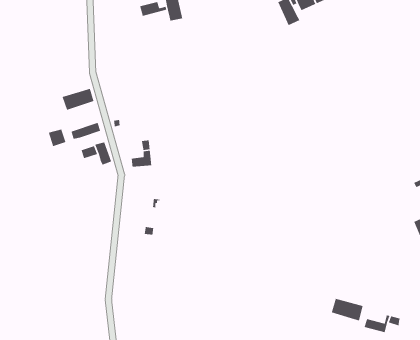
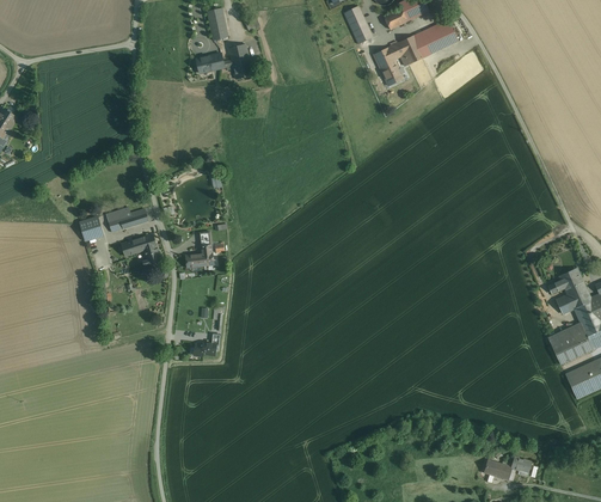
building: [62,88,95,111] -> none
building: [331,298,364,321] -> none

